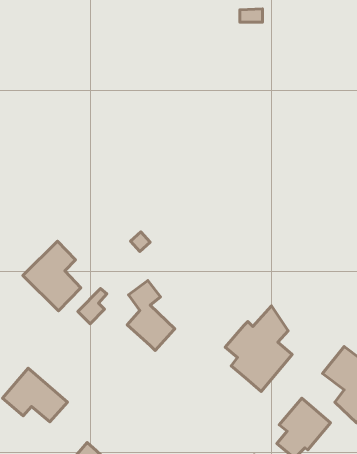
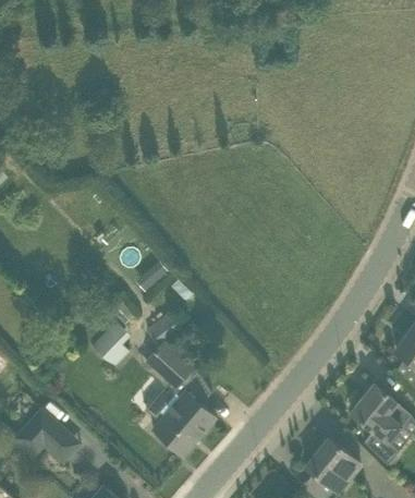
building: [23,241,81,311] -> none
building: [225,306,292,392] -> [145,366,216,457]

